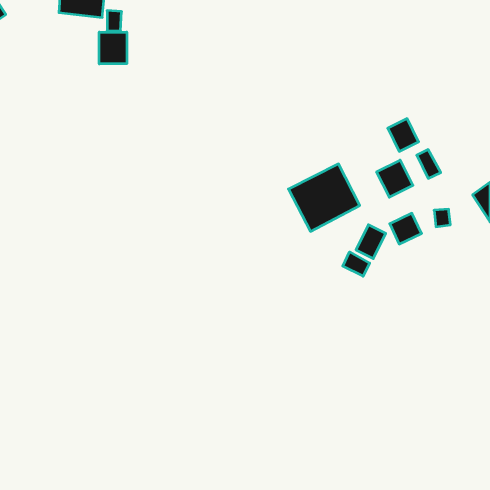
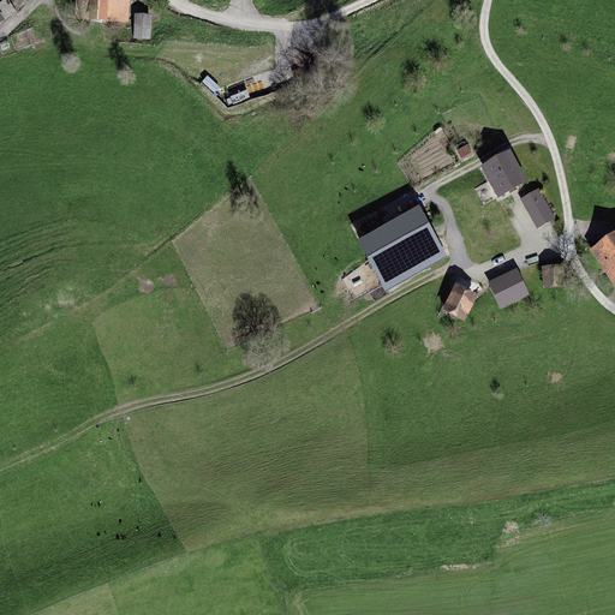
building: [99,32,127,64] -> none
building: [377,160,413,197] -> none
building: [343,252,370,276] -> none

